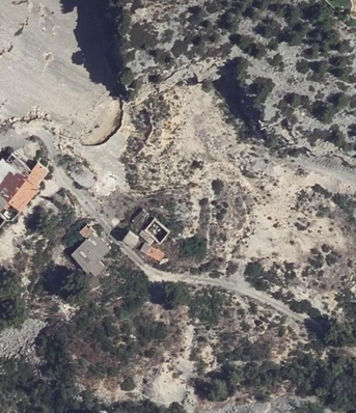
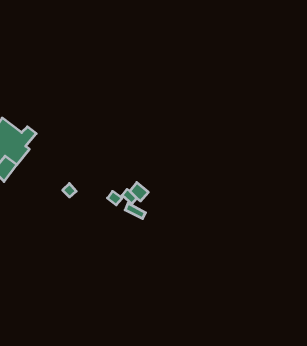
building: [72,233,109,276] -> none

